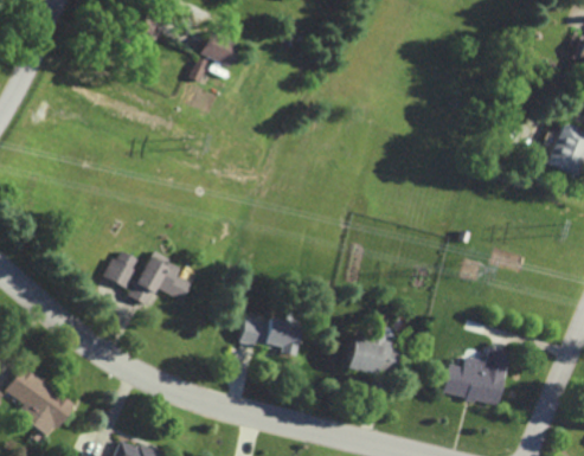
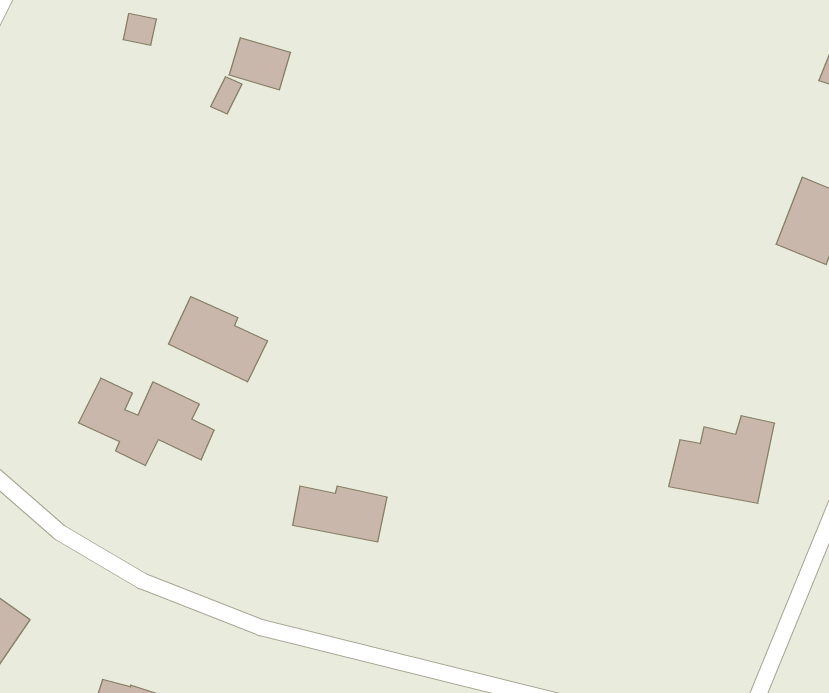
building: none -> [169,297,267,382]
building: [347,336,400,377] -> none
building: [443,348,511,404] -> [669,416,775,503]

